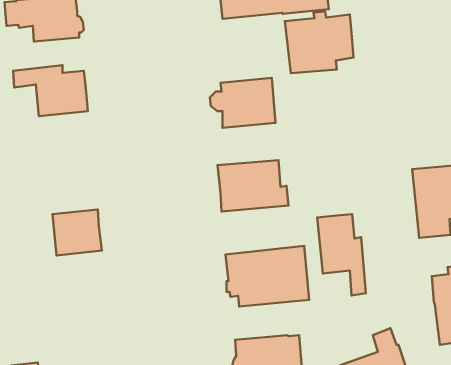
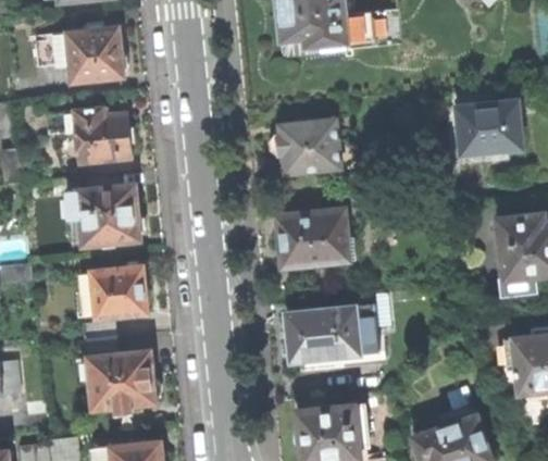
building: [285,11,354,73] -> [444,98,520,166]
building: none -> [51,176,145,244]
building: [317,214,366,295] -> none
building: none -> [82,336,160,411]

